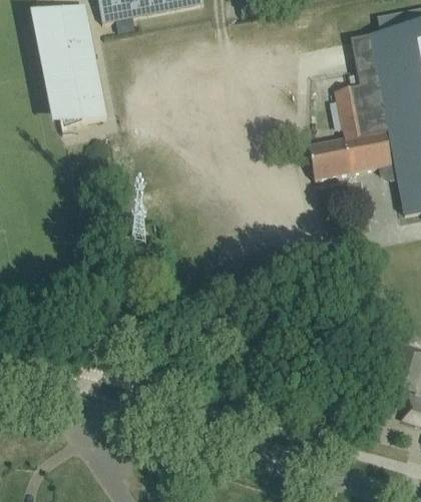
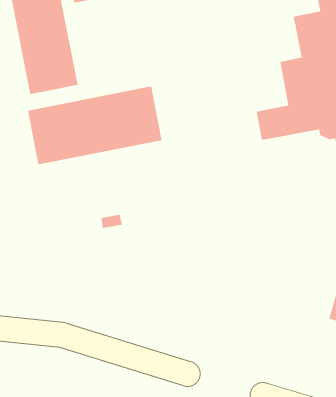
building: none -> [28,86,162,165]

